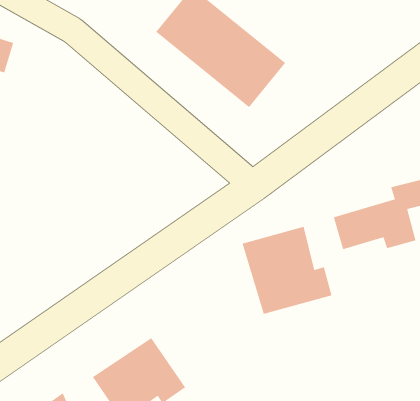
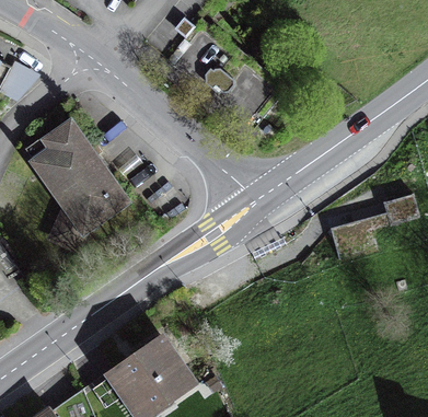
building: none -> [30,126,124,246]
building: [242,226,332,315] -> none

